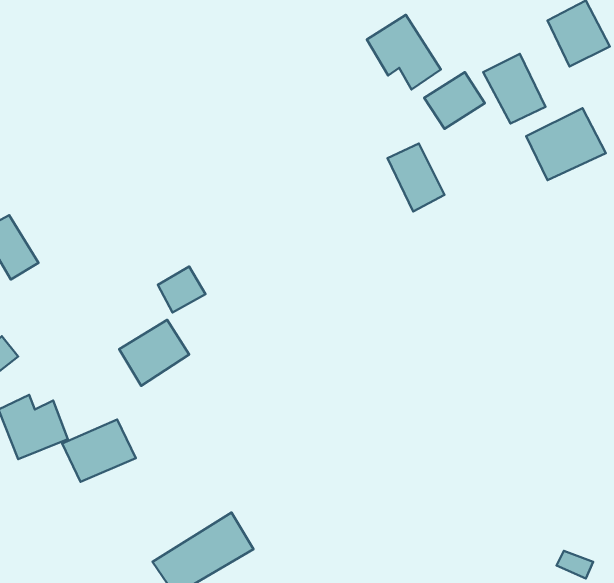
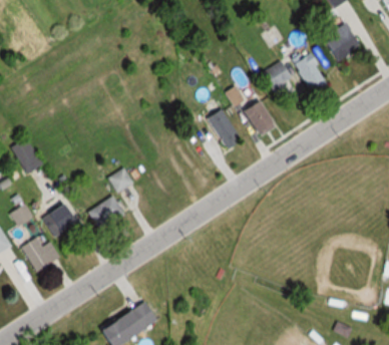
building: [367,15,441,89] -> none
building: [526,108,606,180] -> none
building: none -> [205,108,234,144]
building: [62,420,136,482] -> [43,203,83,237]

